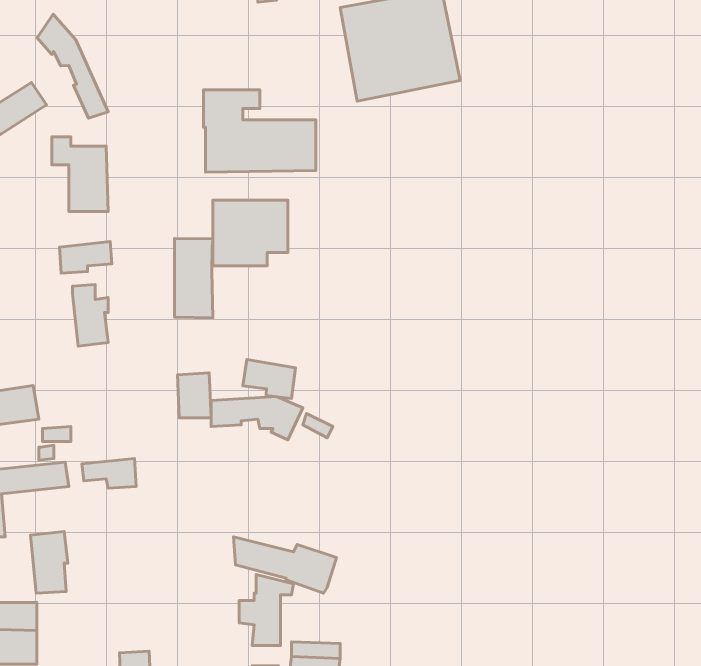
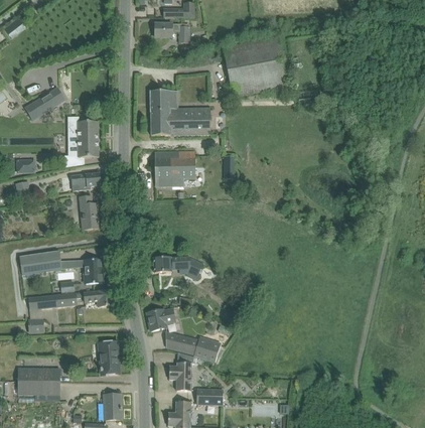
building: [37,14,108,118] -> none
building: [175,238,213,318] -> none
building: [243,359,296,398] -> none
building: [177,373,211,418] -> [84,258,102,282]
building: none -> [146,308,173,330]
building: [30,532,68,593] -> [98,340,118,374]

